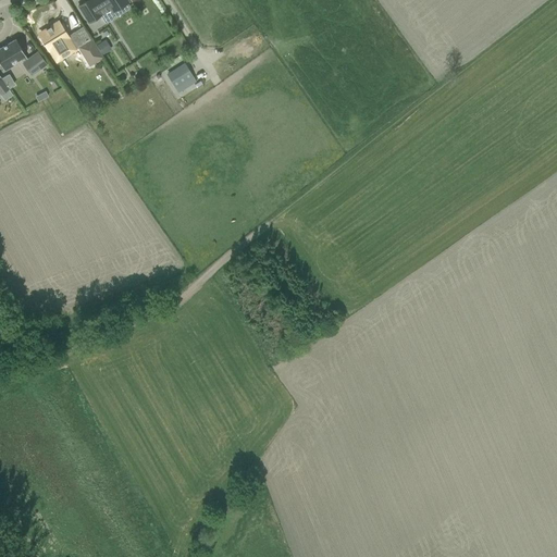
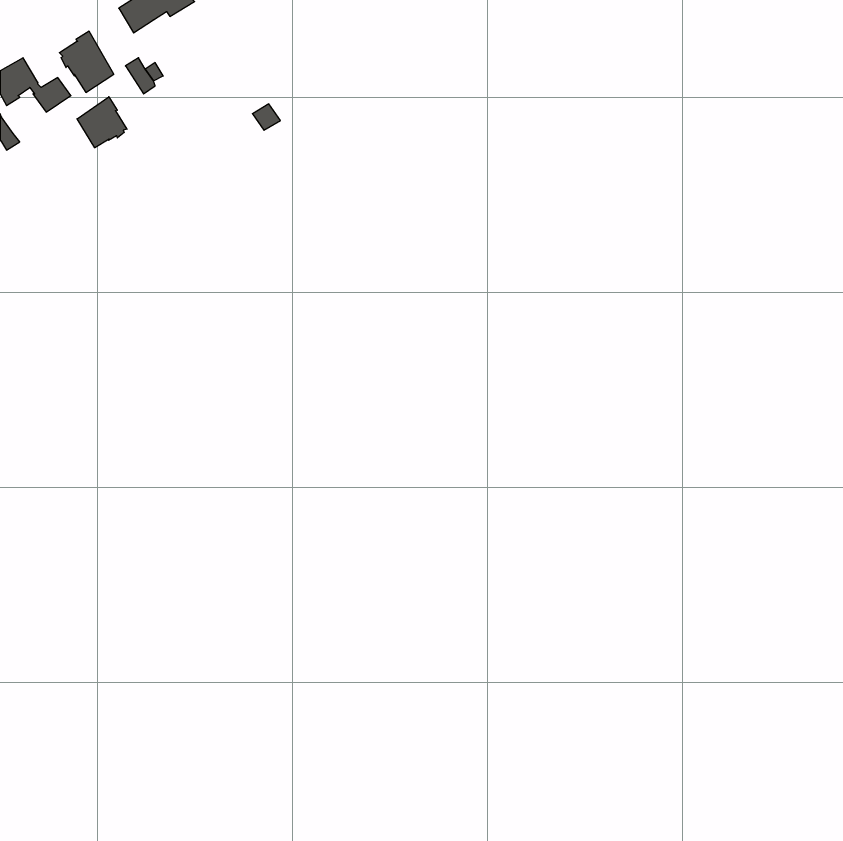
building: none -> [77,97,127,148]

